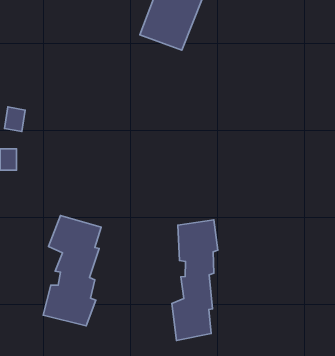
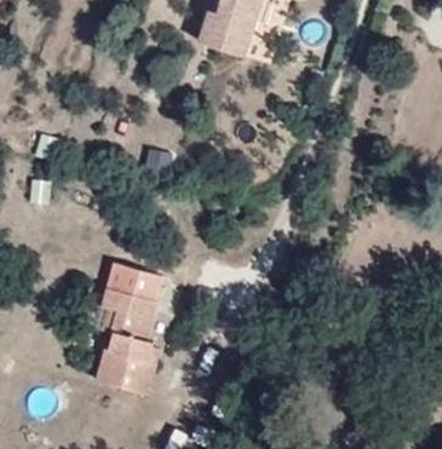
building: [172,220,218,341] -> none

